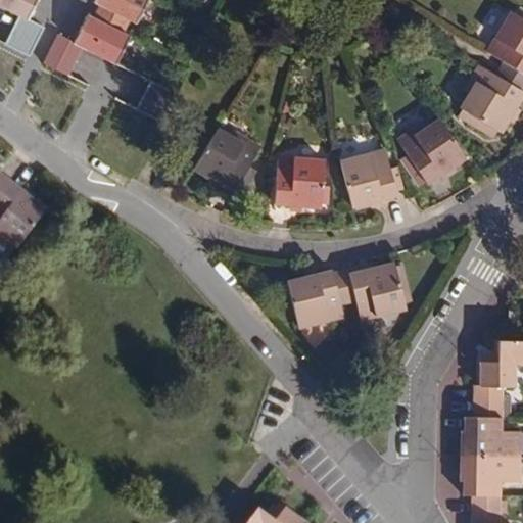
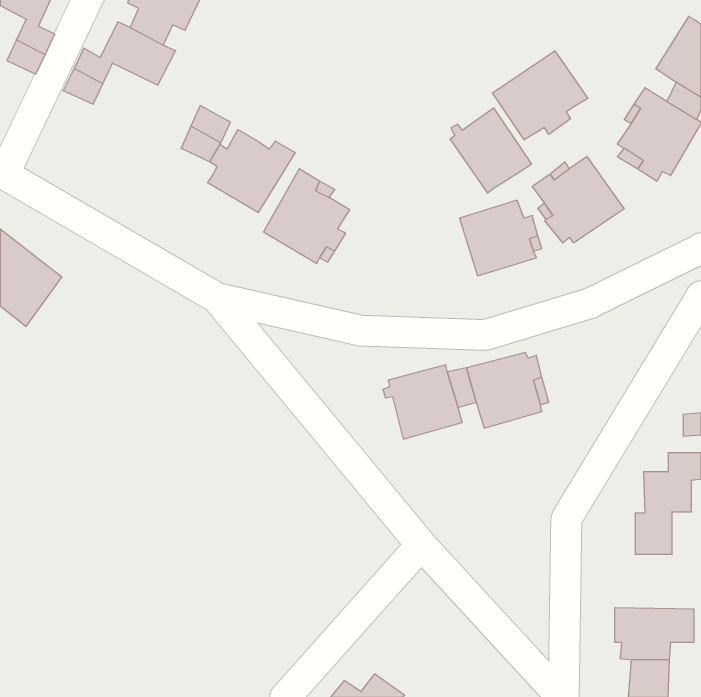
building: none -> [492,51,588,140]
building: none -> [450,108,532,193]
building: none -> [208,130,295,213]
building: [278,161,325,207] -> none
building: [458,412,517,454] -> none

